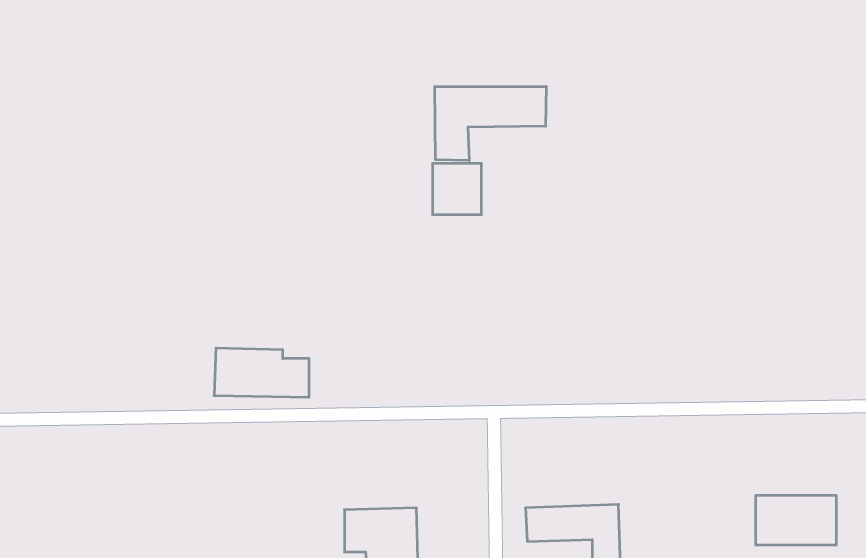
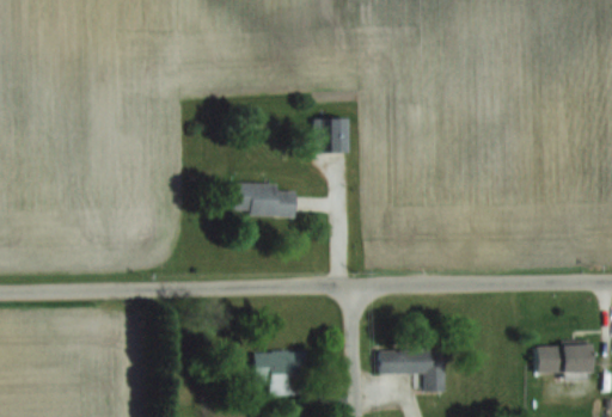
building: [435,86,546,161] -> none
building: [214,348,309,397] -> [231,183,295,216]

